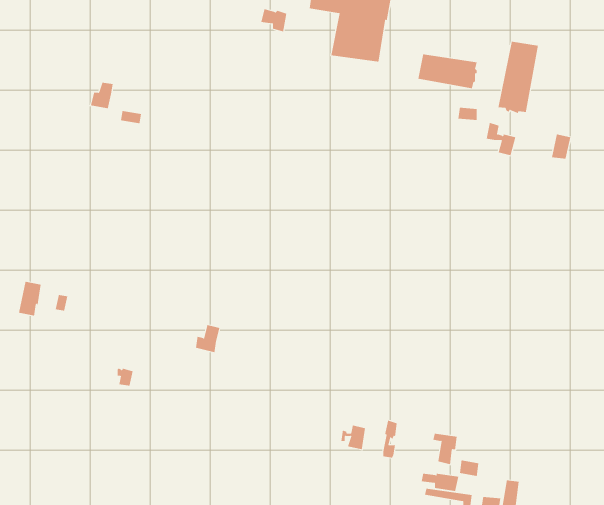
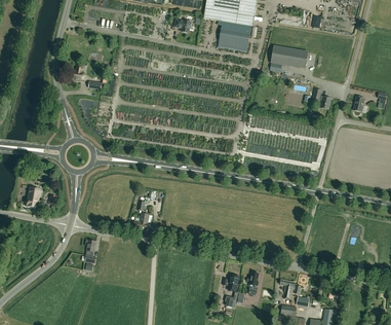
building: [498,41,539,114] -> none

